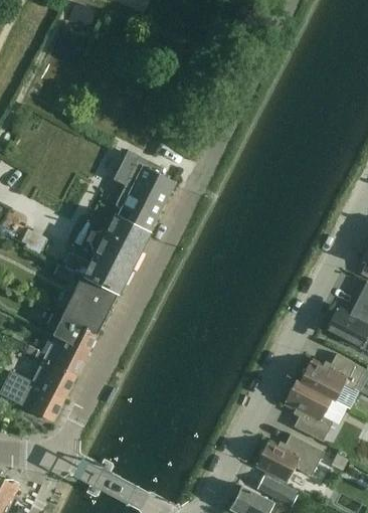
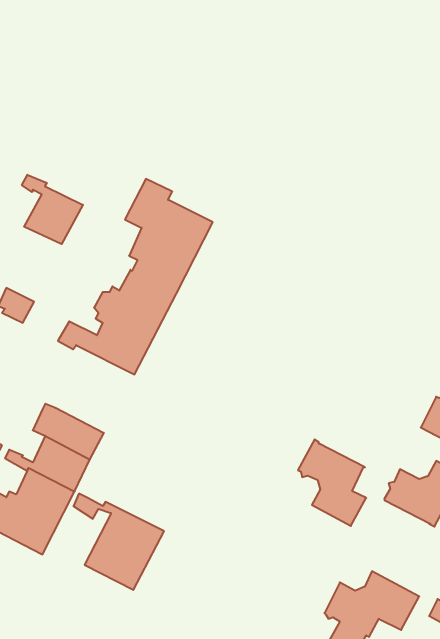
building: none -> [22,175,83,244]
building: [53,265,119,334] -> [73,494,164,590]
building: [284,379,333,442] -> [298,439,366,526]

